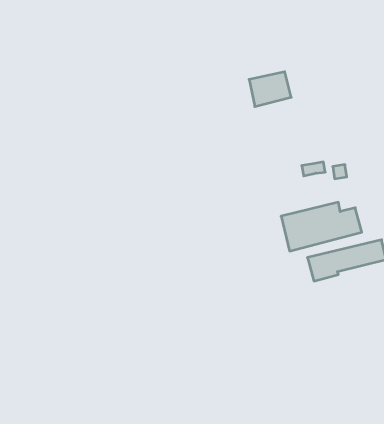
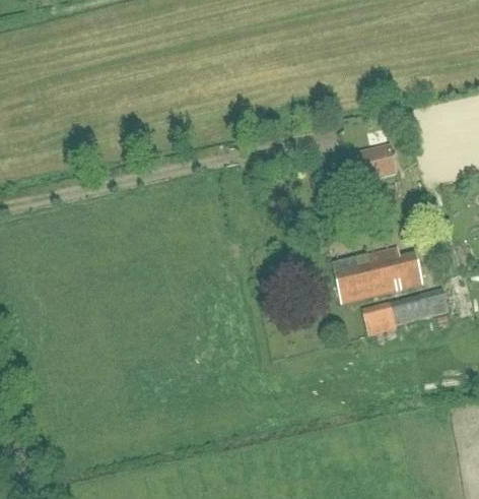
building: [249,72,291,107] -> [349,144,395,182]

